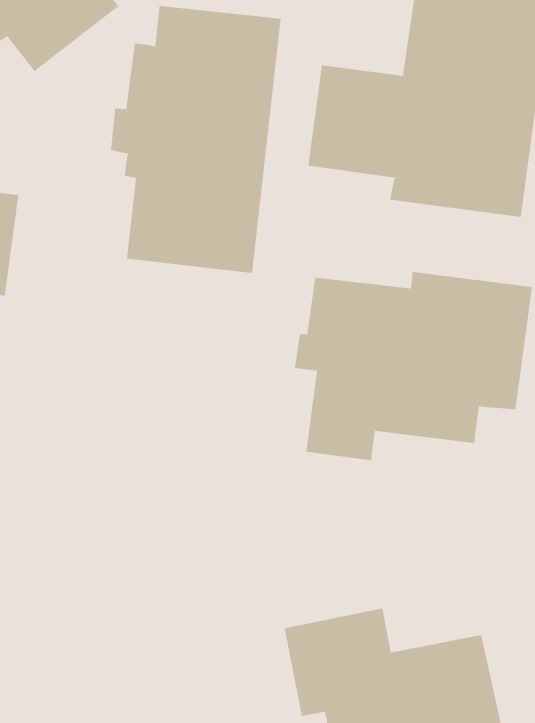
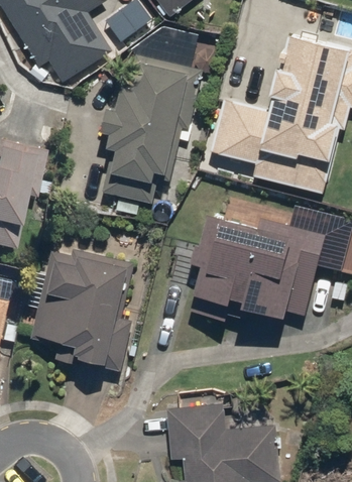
building: none -> [31,248,135,370]

